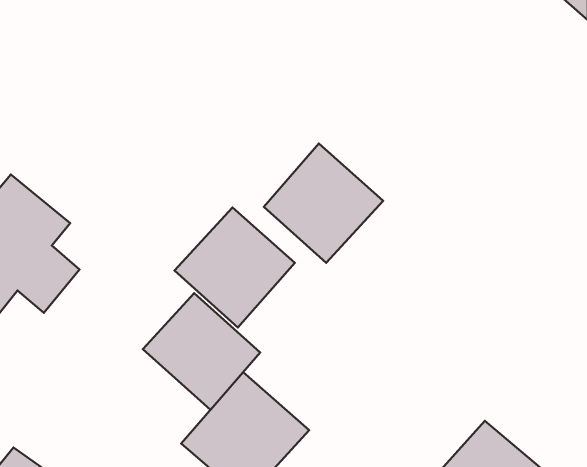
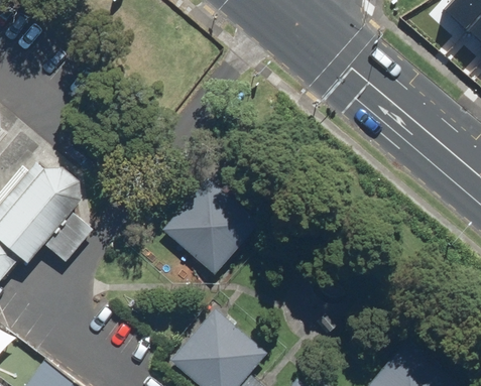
building: [264,144,383,263] -> none
building: [143,293,260,410] -> none

